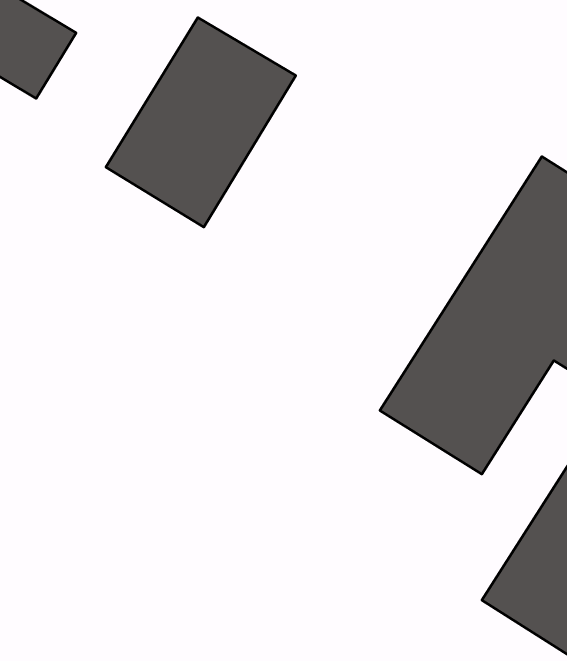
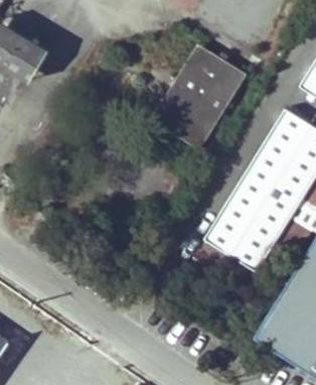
building: [106,17,296,227] -> [150,44,246,150]

